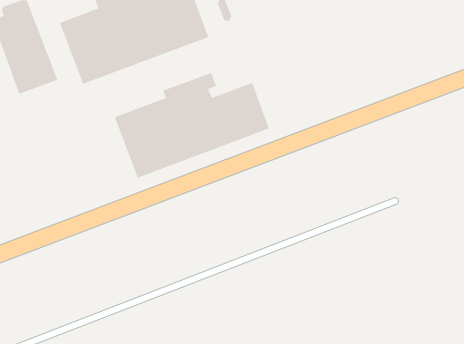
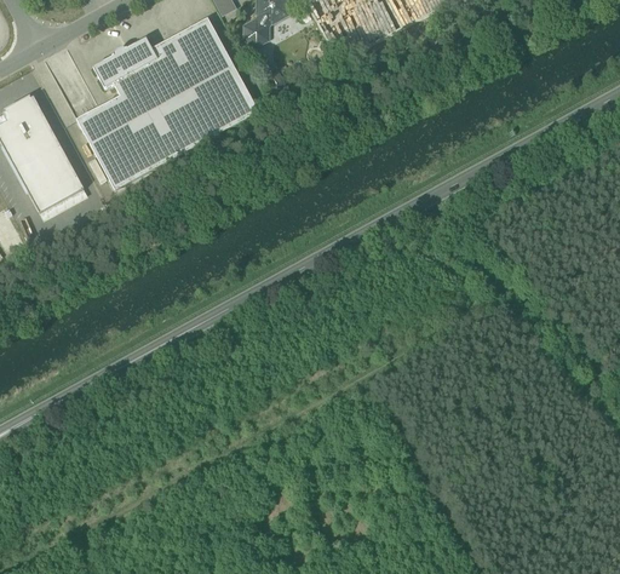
building: [114,72,270,178] -> none

